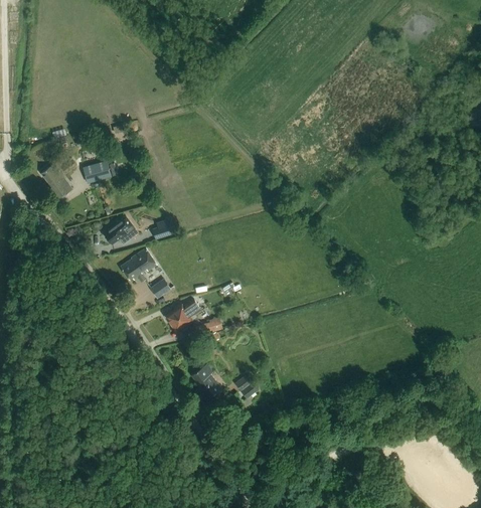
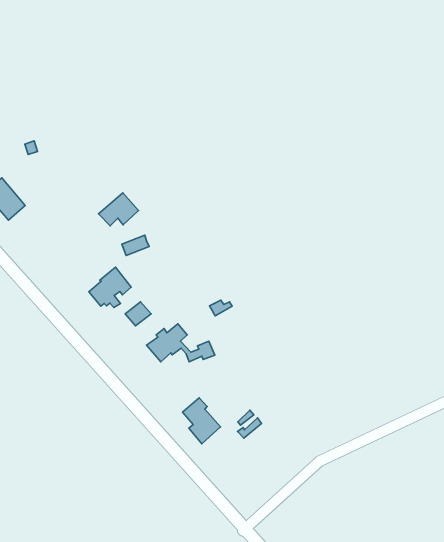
building: [84,160,111,181] -> none
building: [103,216,137,243] -> [98,193,138,226]

